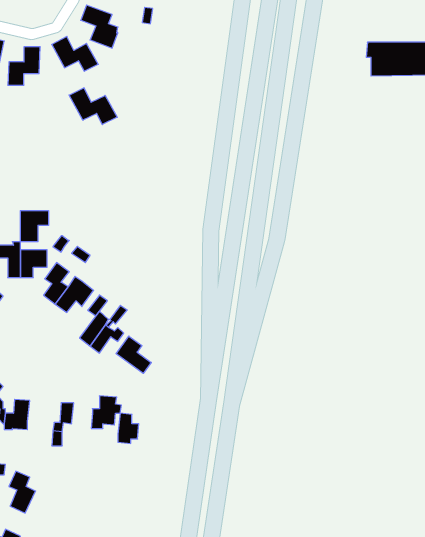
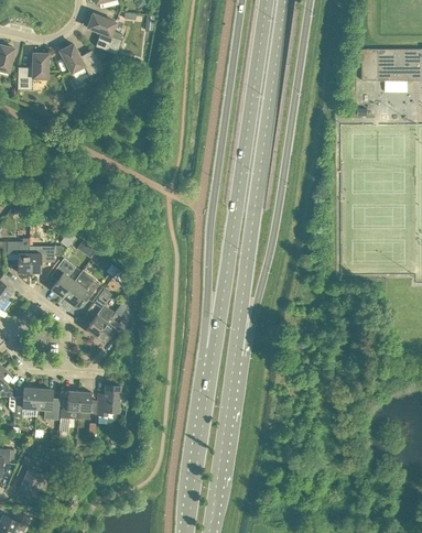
building: [69,88,117,125] -> none
building: [20,211,48,242] -> none
building: [116,336,151,373] -> none
building: none -> [35,389,58,420]
building: [118,413,139,443] -> [77,391,97,420]

